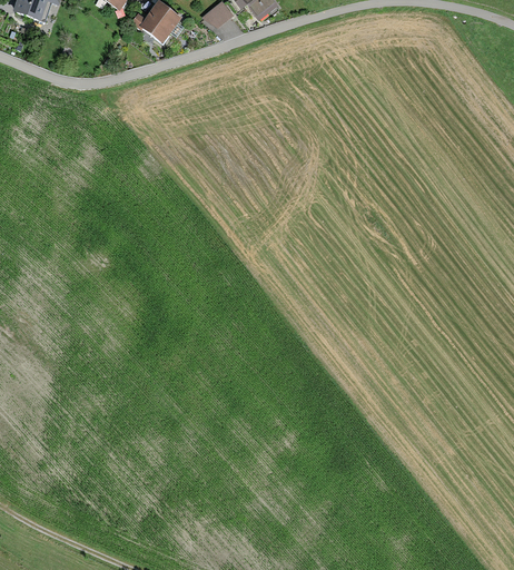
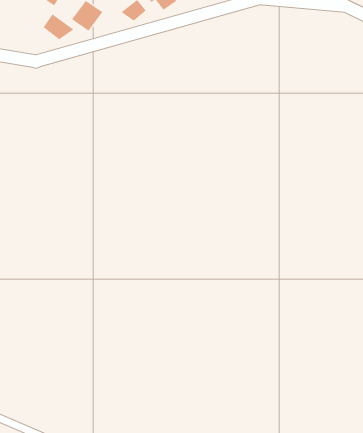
building: none -> [43,13,75,40]

